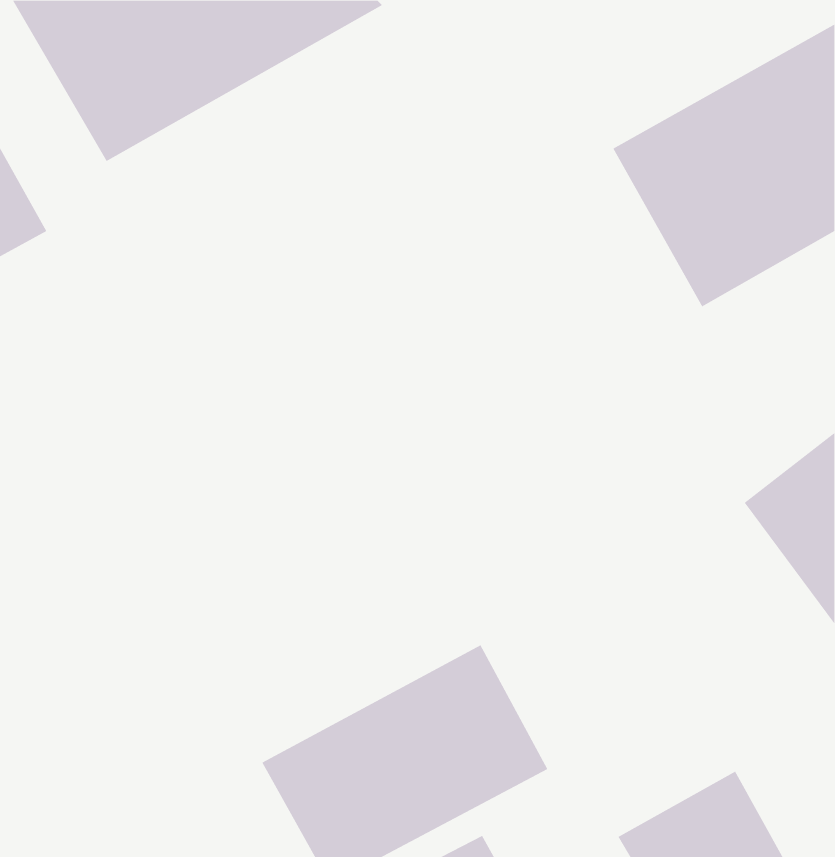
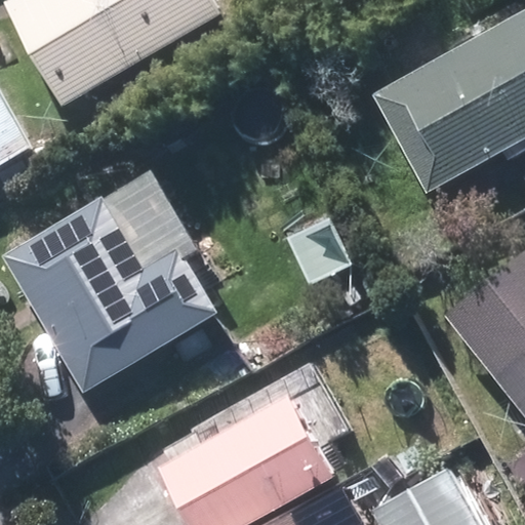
building: none -> [8,195,220,385]

